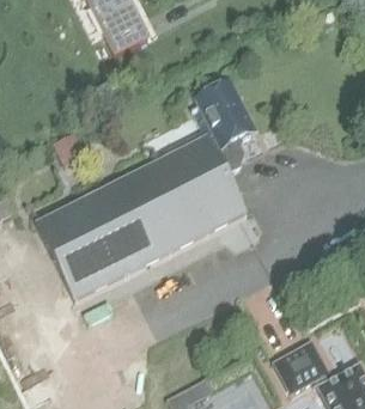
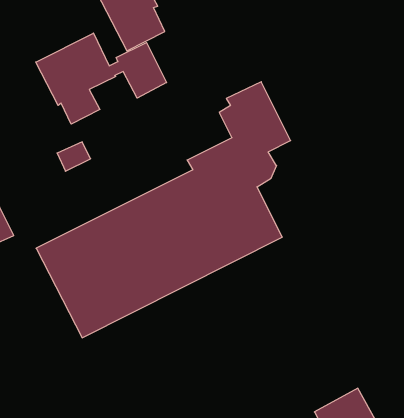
building: none -> [36,33,167,124]

